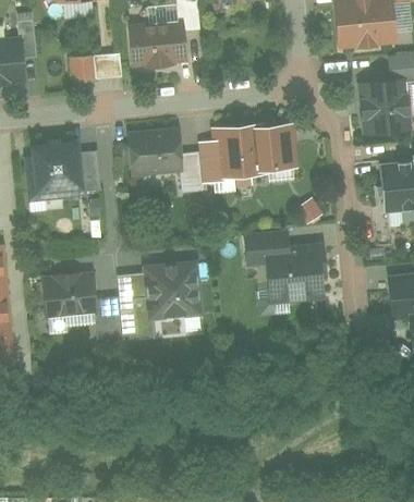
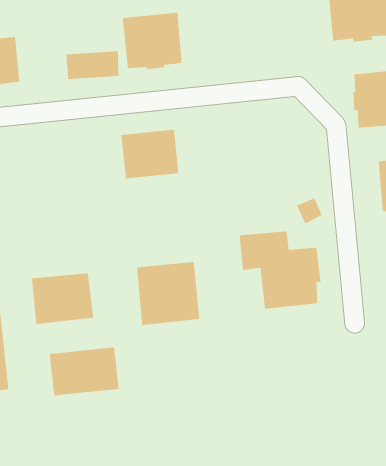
building: [200,122,299,181] -> none
building: [28,142,85,203] -> none
building: none -> [49,346,119,396]

